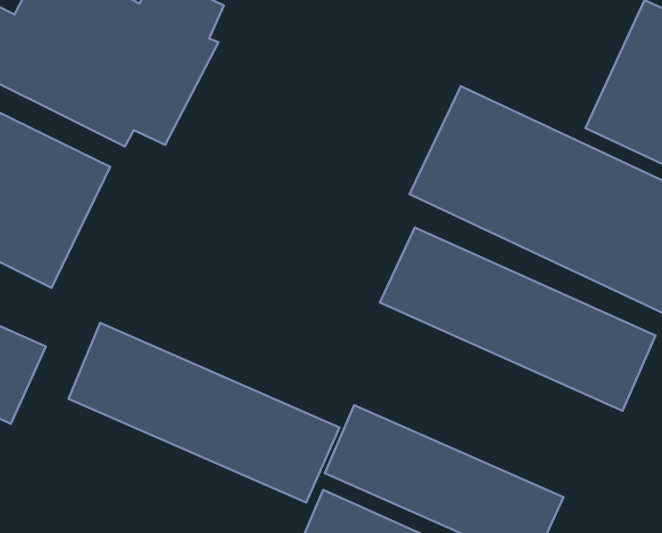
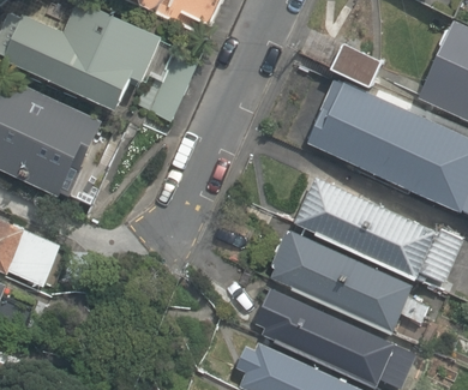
building: none -> [260,223,431,342]
building: [68,323,340,502] -> none

